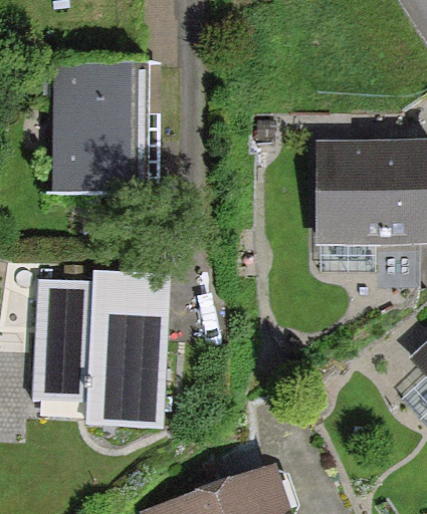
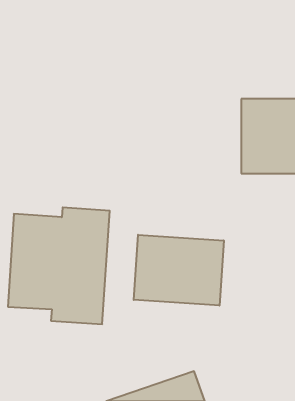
building: [57,64,134,187] -> none
building: none -> [134,235,224,306]

